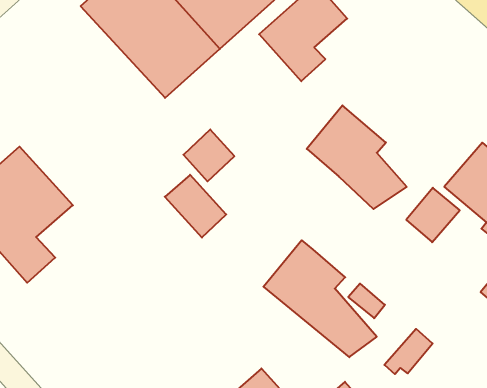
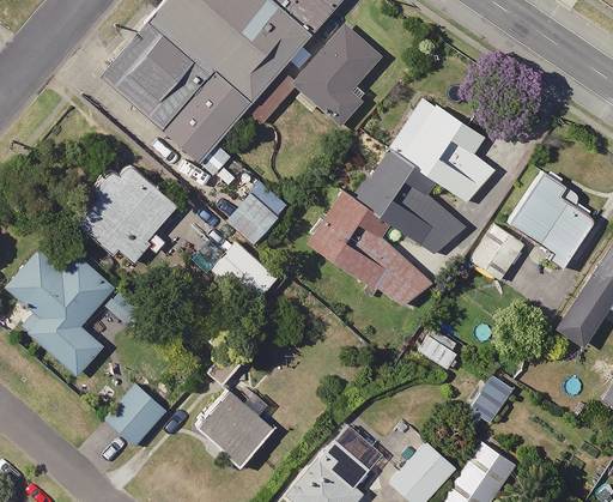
building: none -> [388,97,496,202]
building: none -> [72,161,181,262]
building: [263,240,377,357] -> [308,190,433,308]
building: none -> [104,382,166,446]
building: none -> [192,387,269,464]

